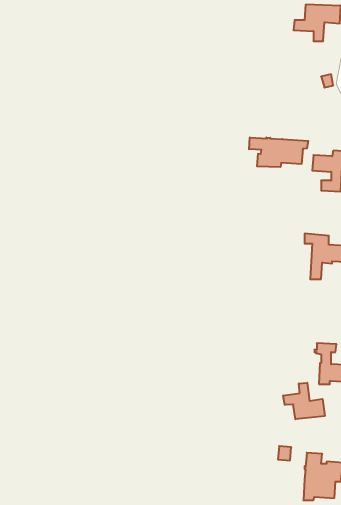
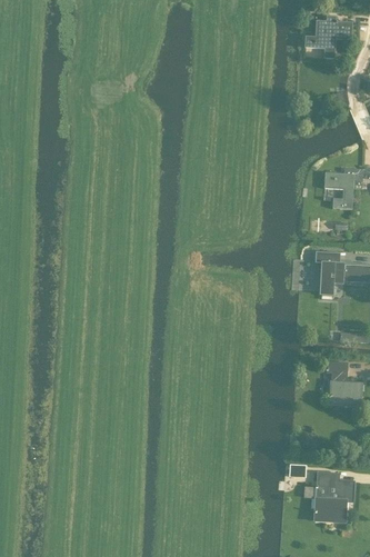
building: [249,137,308,167] -> none
building: [283,383,325,419] -> none

